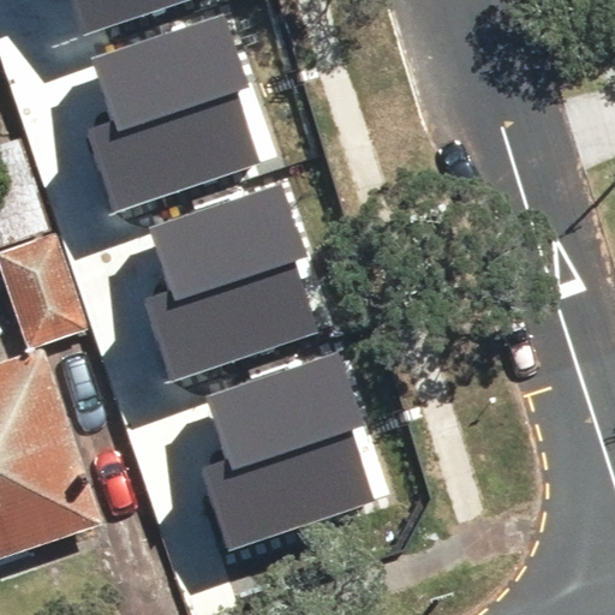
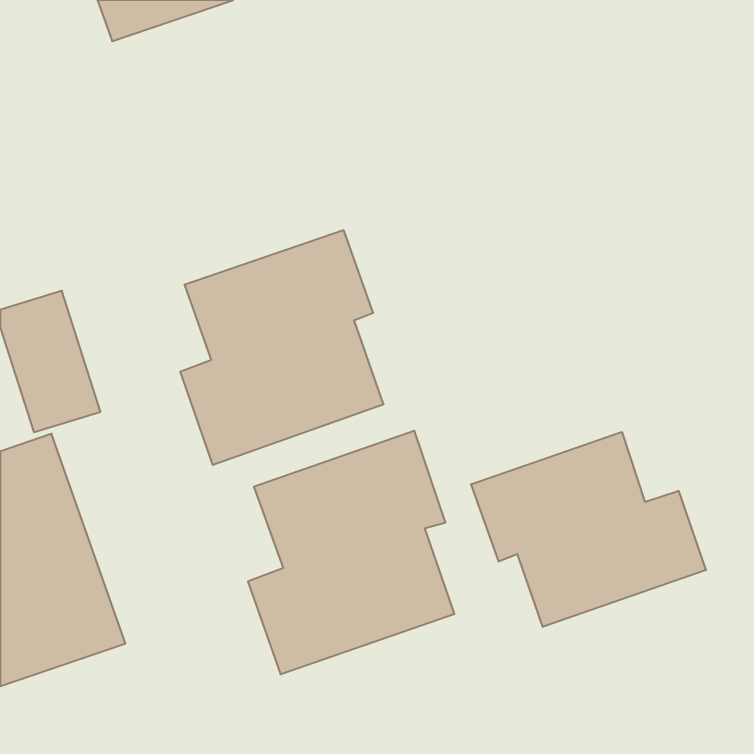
building: [90,12,257,209] -> none
building: none -> [471,432,706,627]

